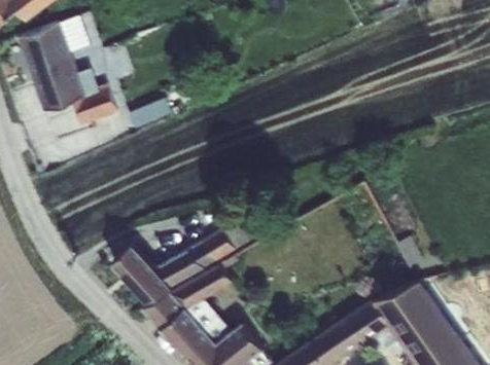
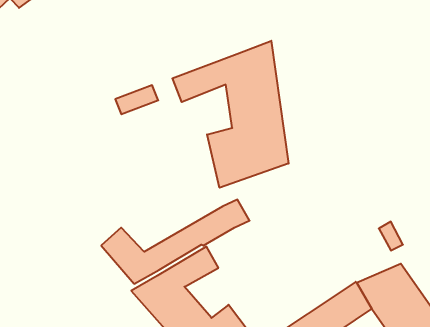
building: [18,21,118,127] -> none
building: none -> [172,41,289,188]

